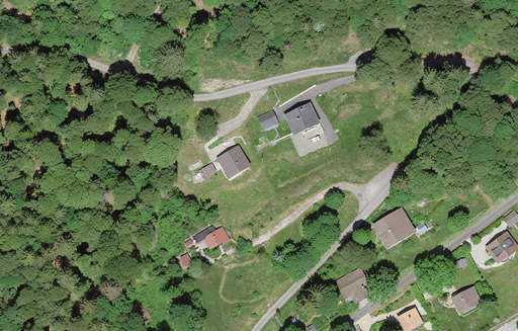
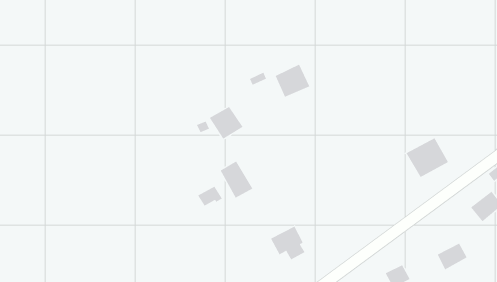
building: none -> [220,161,253,199]
building: [372,208,417,249] -> [405,138,449,178]
building: [334,265,370,301] -> [270,226,306,260]

